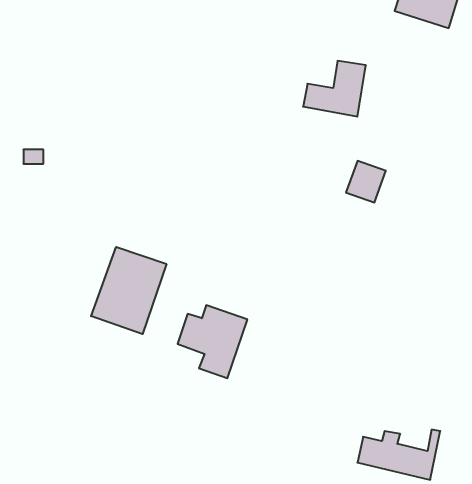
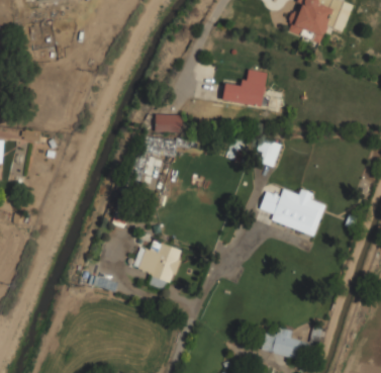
building: none -> [156,113,181,131]
building: none -> [258,188,325,235]
building: [91,247,166,334] -> none

